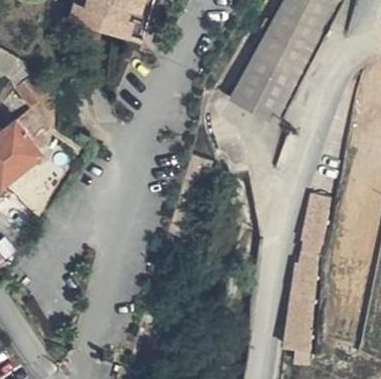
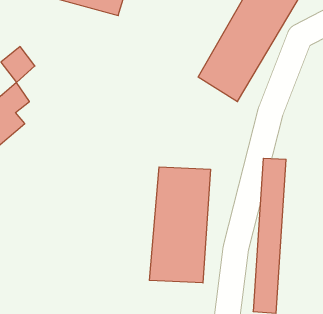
building: none -> [149,167,210,283]

